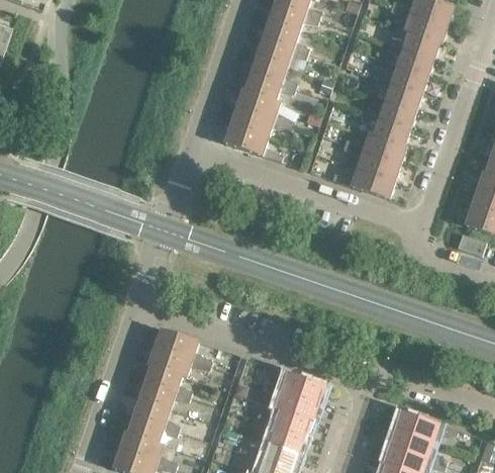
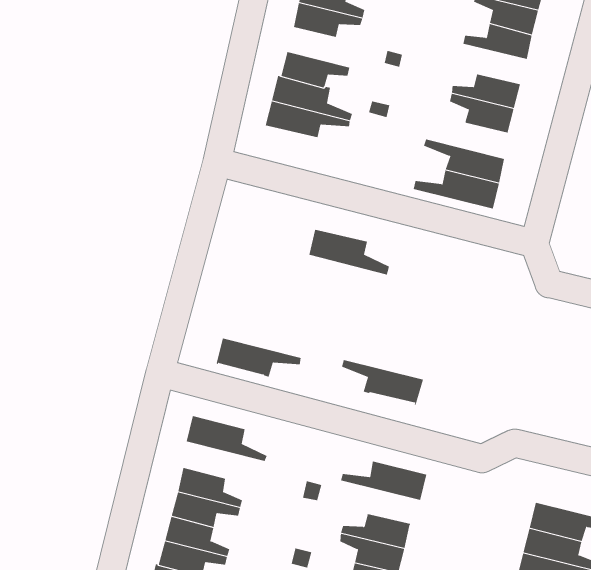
building: [250,56,296,88] -> none
building: [374,78,421,110] -> none
building: [223,124,281,162] -> [308,229,390,275]
building: [343,132,406,163] -> none
building: [147,346,209,377] -> [216,338,301,377]
building: [260,383,318,420] -> [341,359,424,406]

